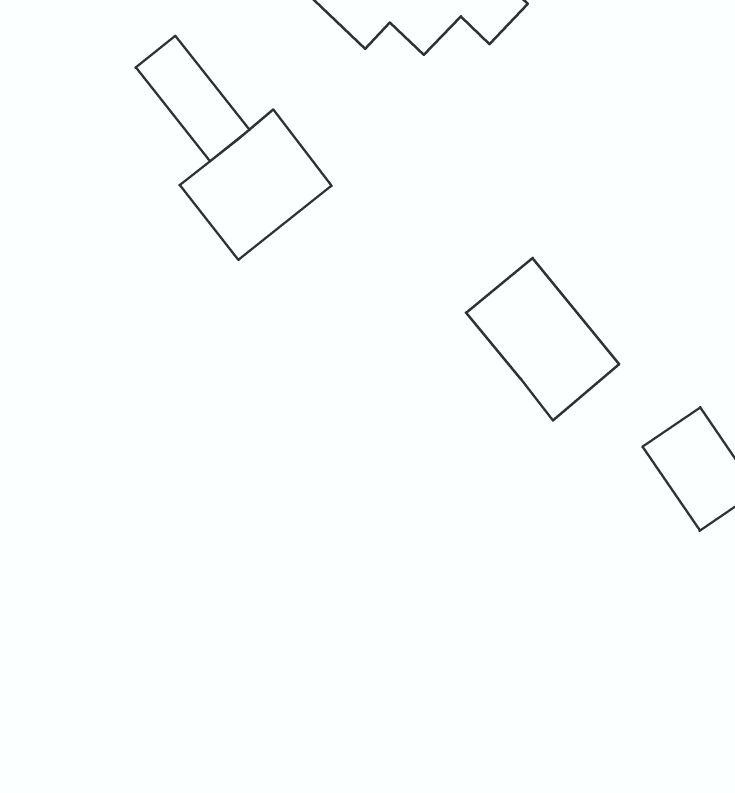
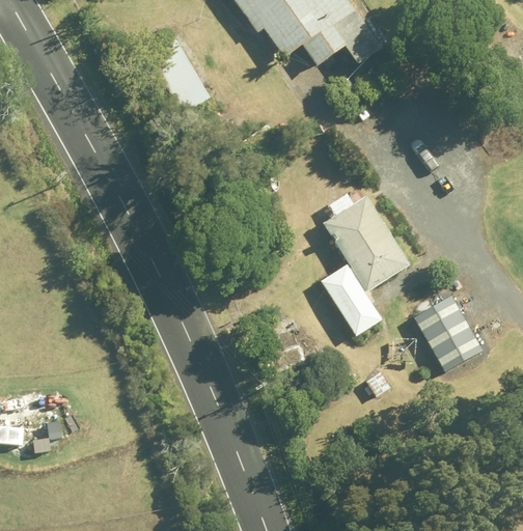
building: [180,110,331,260] -> none
building: none -> [322,267,381,335]

